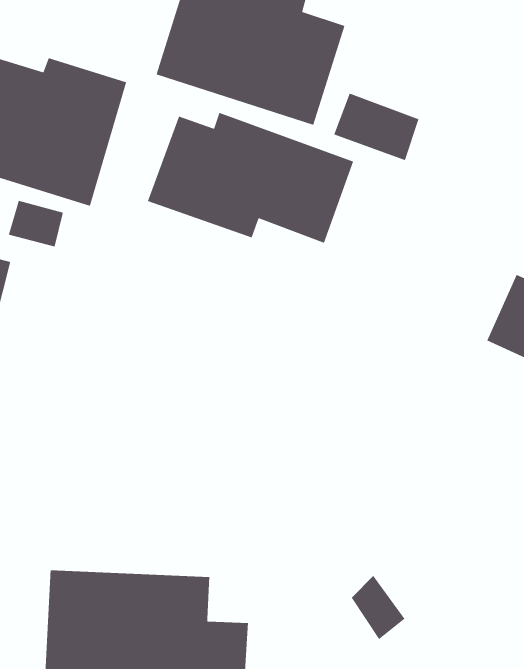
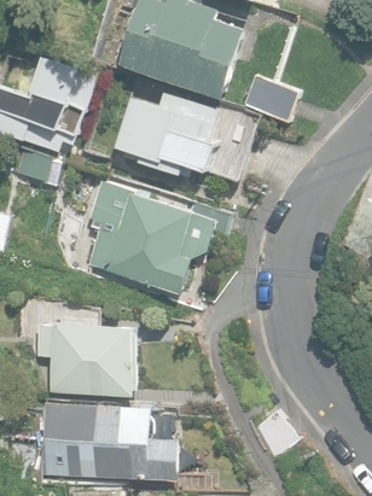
building: none -> [86,183,232,294]
building: none -> [34,320,135,391]

